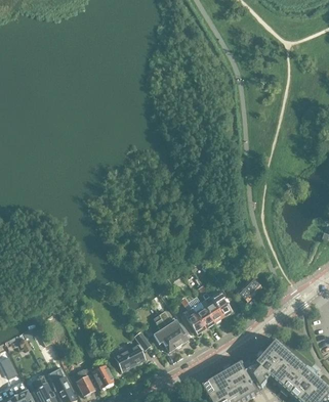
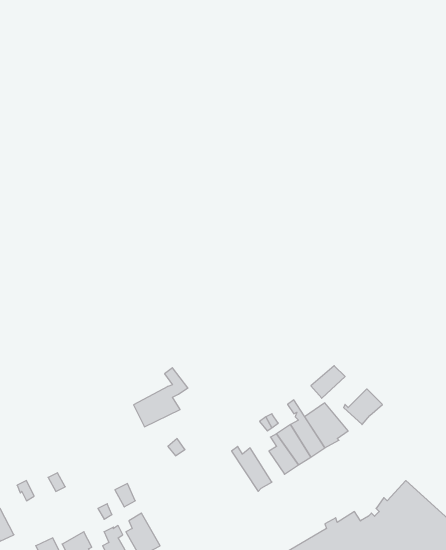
building: [152,318,178,351] -> none
building: [114,331,150,370] -> [134,368,188,427]

